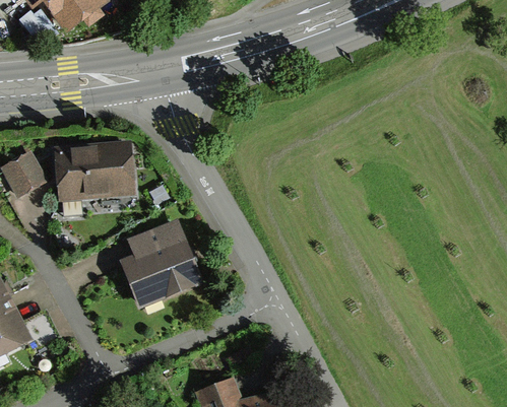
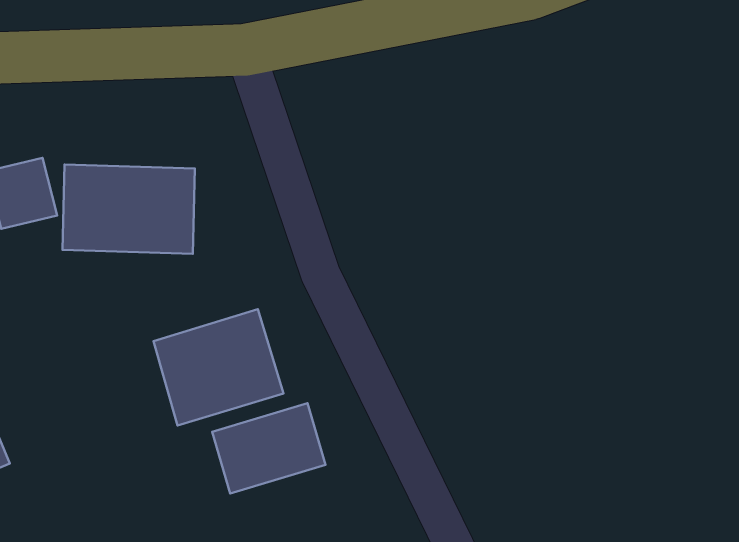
building: none -> [212,403,325,494]

